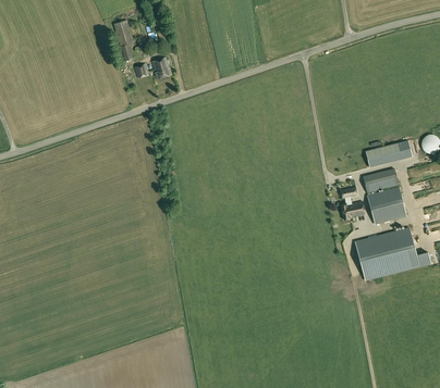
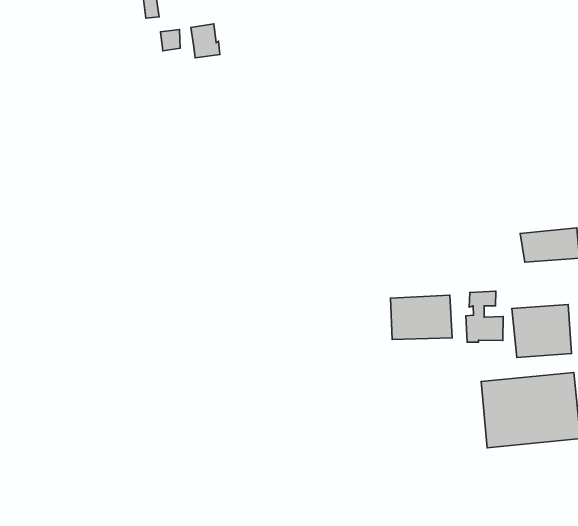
building: [363,168,398,192] -> none
building: none -> [391,295,452,339]

